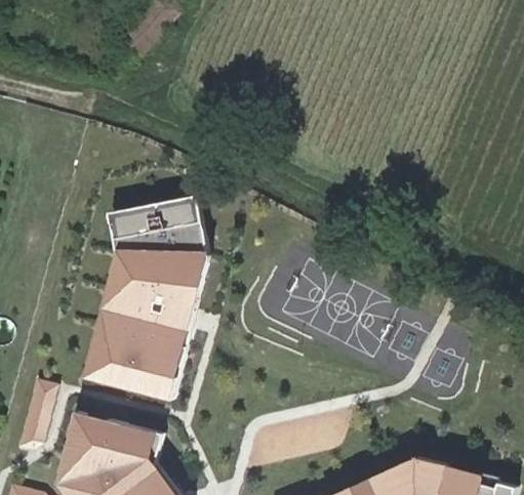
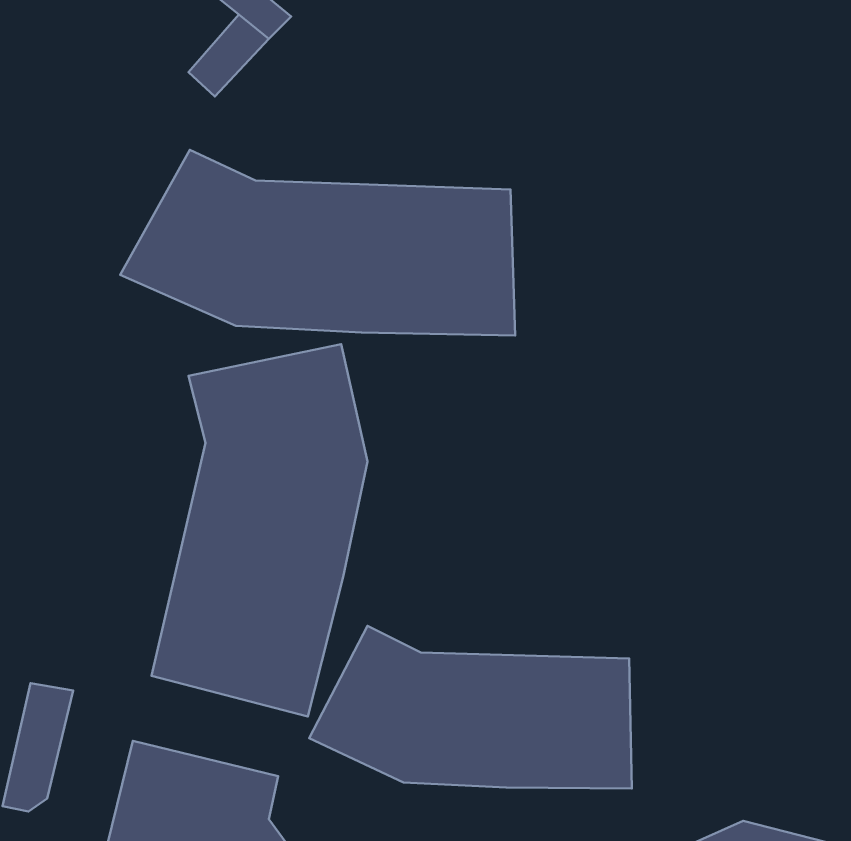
building: none -> [120,150,515,335]
building: none -> [309,626,632,789]

